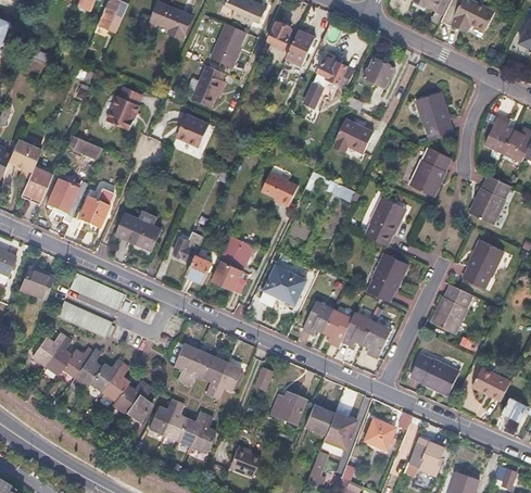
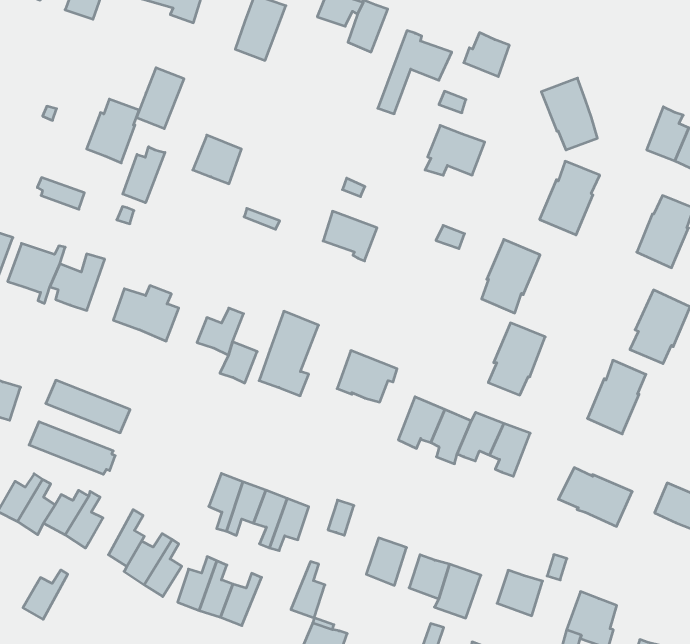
building: [191,64,225,105] -> [136,68,184,129]
building: none -> [123,147,165,203]
building: [90,359,122,392] -> [23,570,68,619]
building: [190,414,214,452] -> [291,562,325,618]

